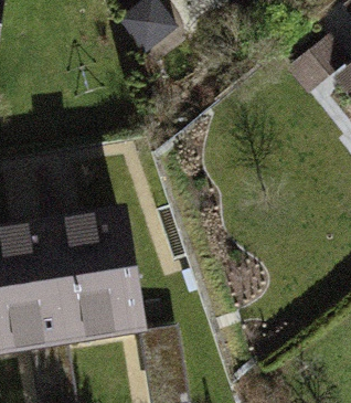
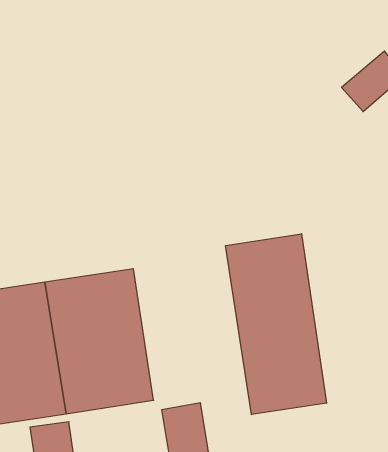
building: none -> [226,234,326,415]

